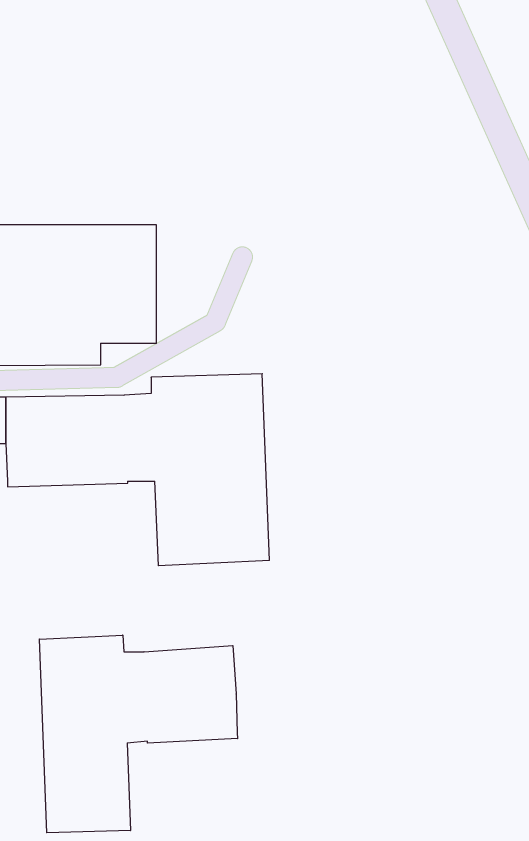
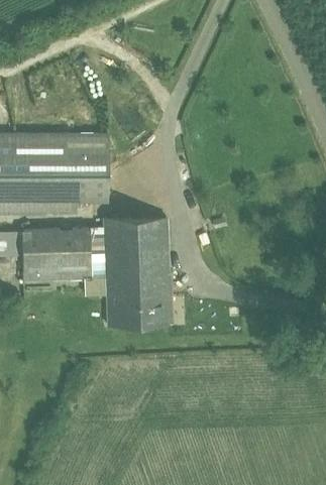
building: [39,635,238,833] -> none

